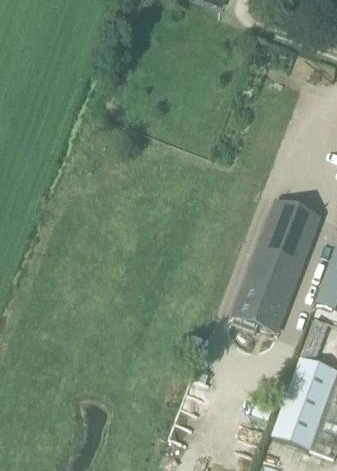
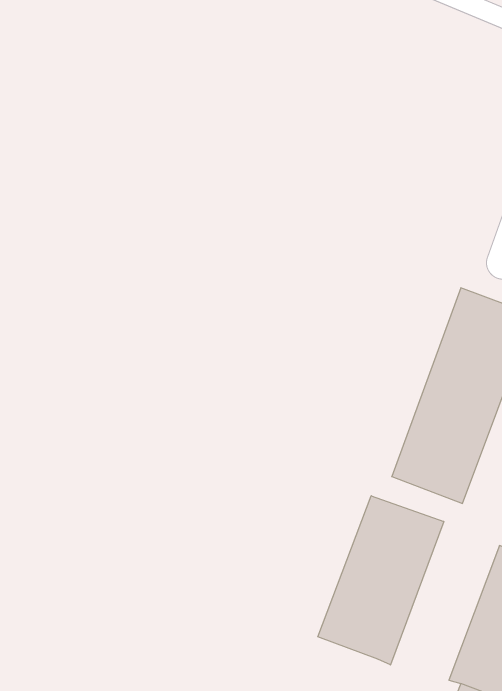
building: none -> [318,496,444,665]

